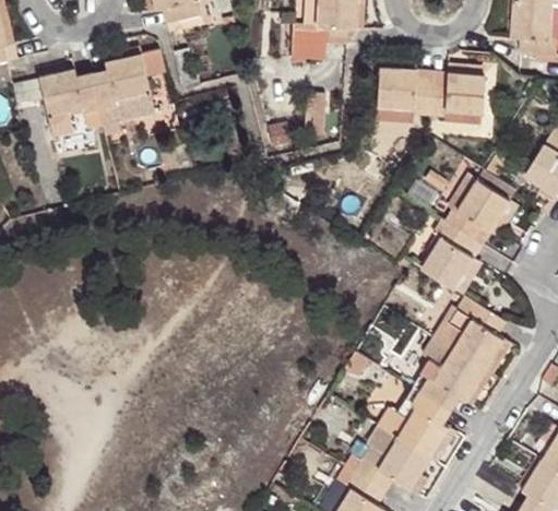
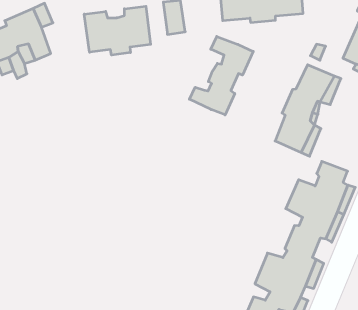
building: none -> [84,6,151,55]
building: none -> [189,36,253,115]

